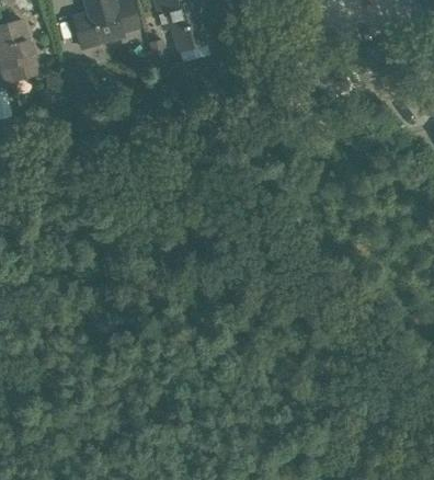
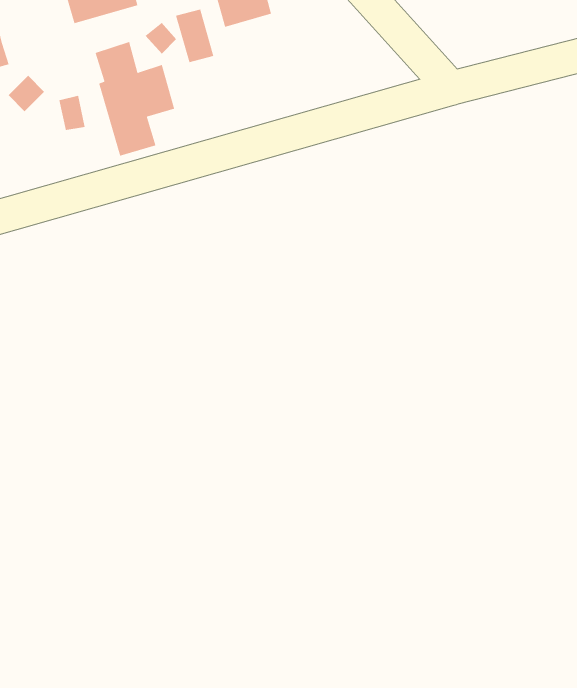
building: none -> [95,41,175,156]

